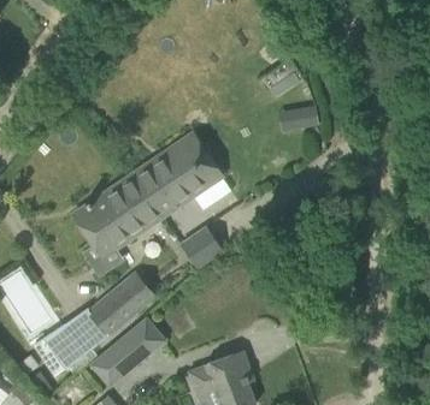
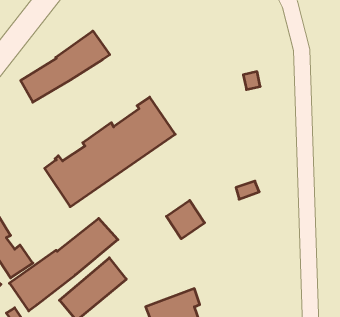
building: none -> [21,31,110,102]
building: [179,226,223,269] -> [166,200,205,239]

